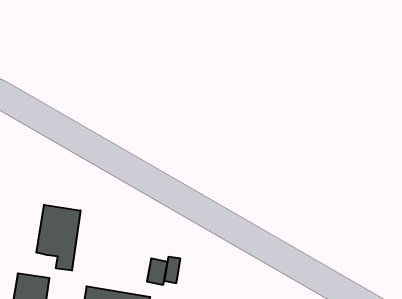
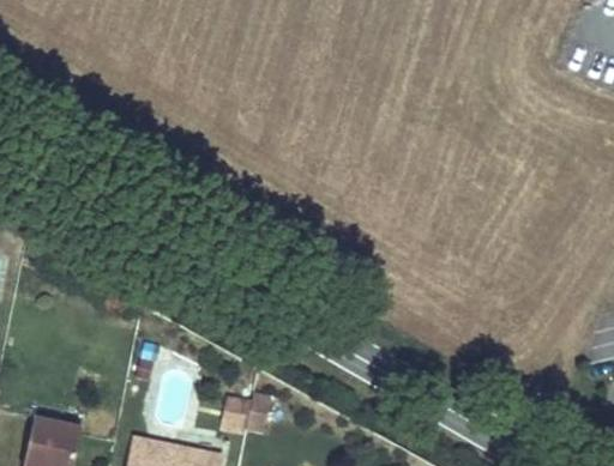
building: [36,205,80,271] -> none

